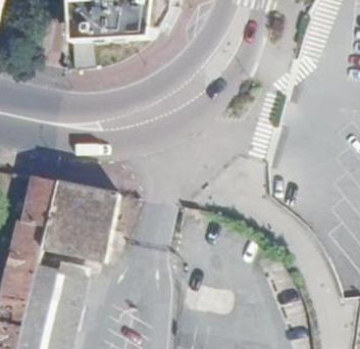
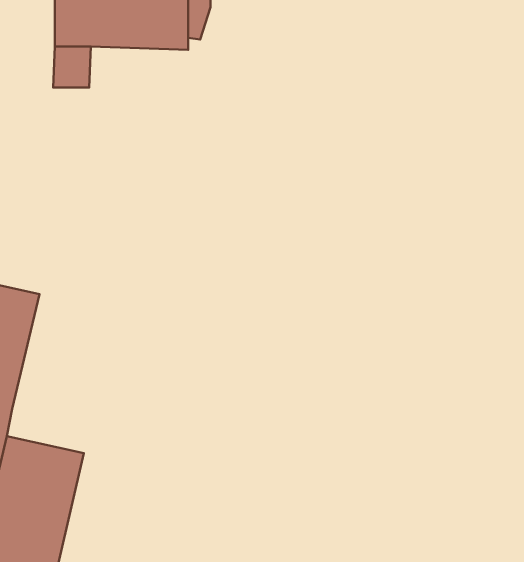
building: [41,179,117,259] -> none

